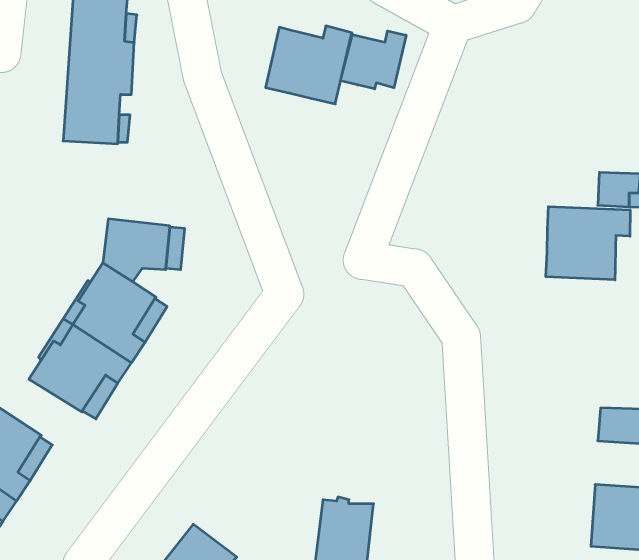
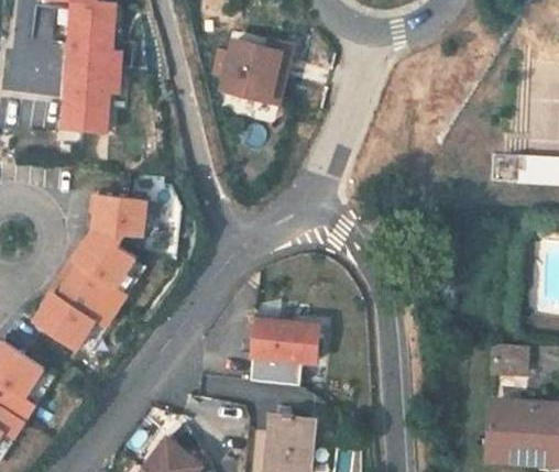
building: [341,31,406,89] -> none
building: [546,207,630,280] -> none
building: none -> [249,320,318,385]

